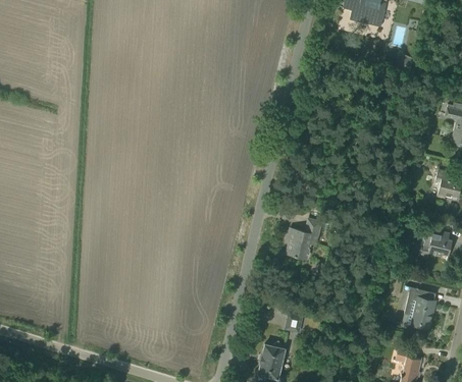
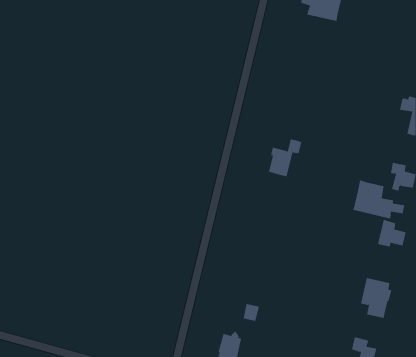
building: none -> [352,180,405,220]
building: [286,220,320,259] -> [268,139,302,177]

